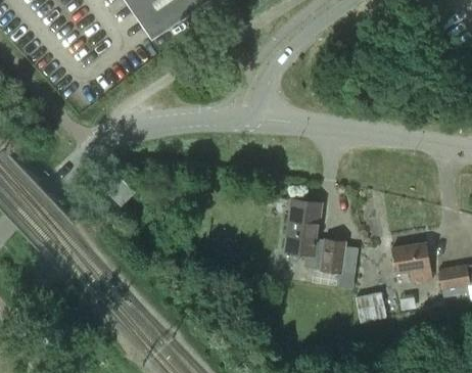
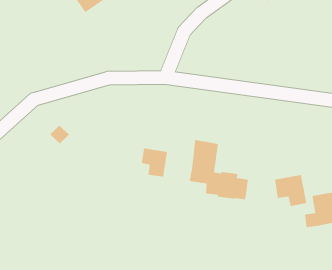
building: none -> [141,147,168,178]
building: [356,291,385,322] -> none

